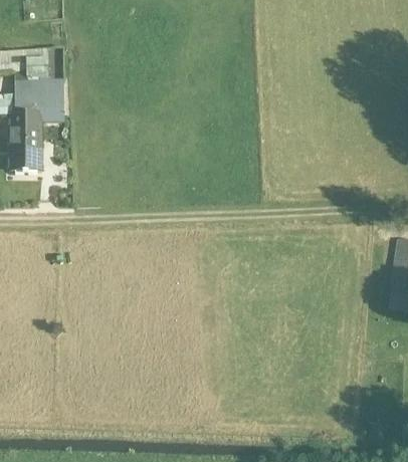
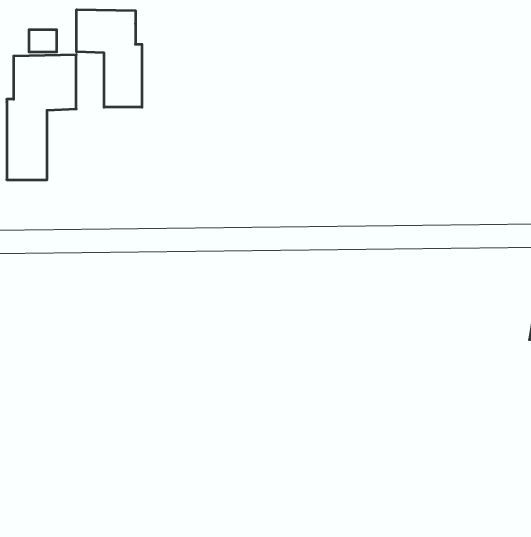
building: none -> [77,10,142,107]

